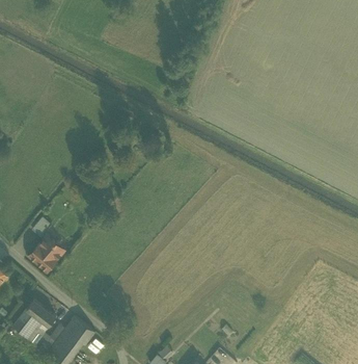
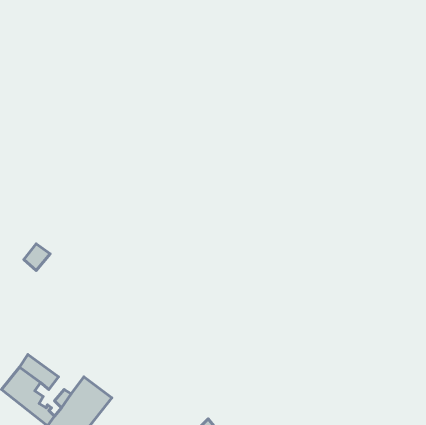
building: [29,237,63,272] -> none

